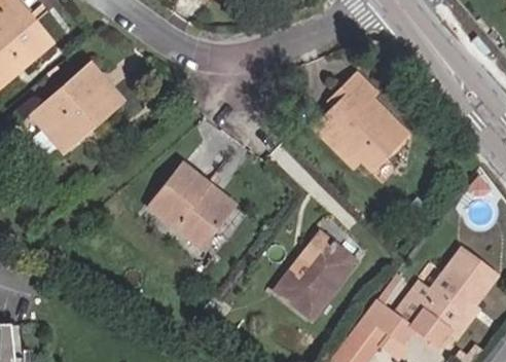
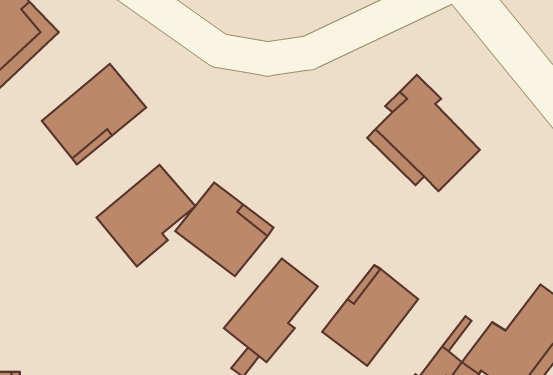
building: none -> [96,165,195,266]
building: none -> [224,259,318,362]

